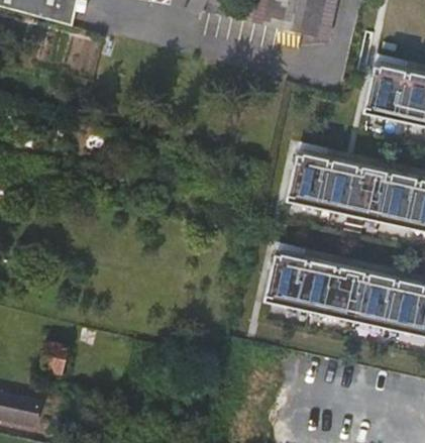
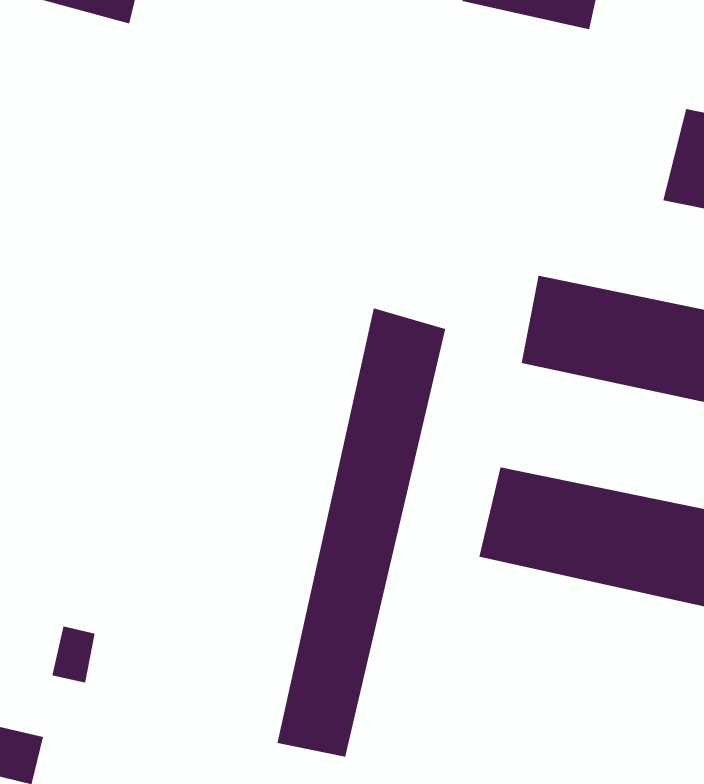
building: none -> [277,308,446,758]

